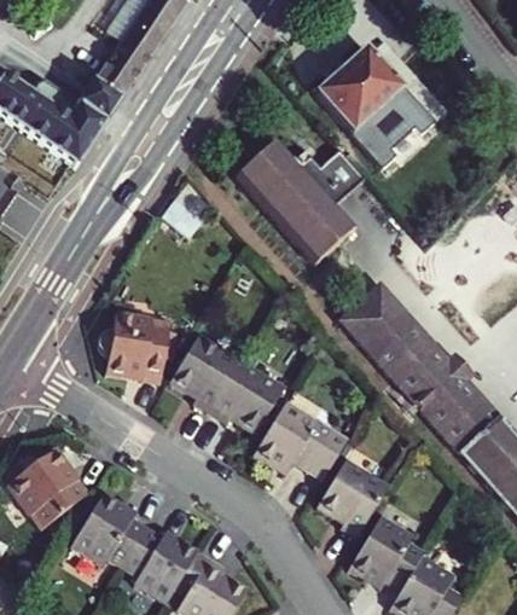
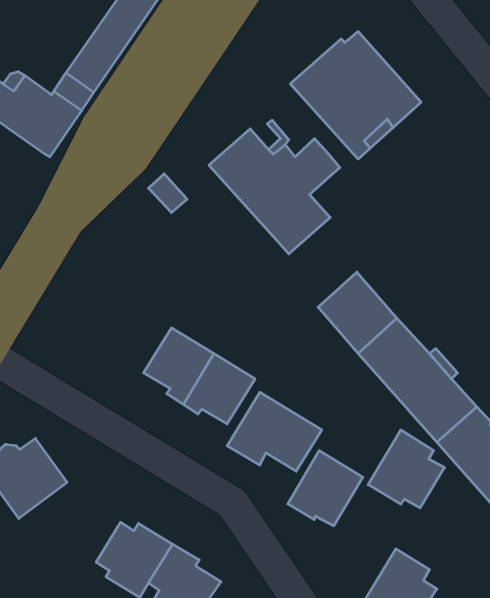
building: [98,314,168,382] -> none
building: [71,497,145,570] -> none
building: [345,516,422,593] -> [368,430,445,508]

